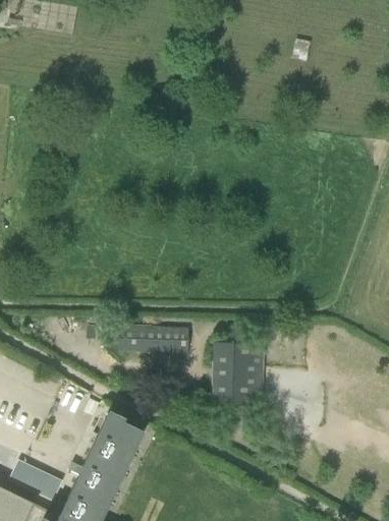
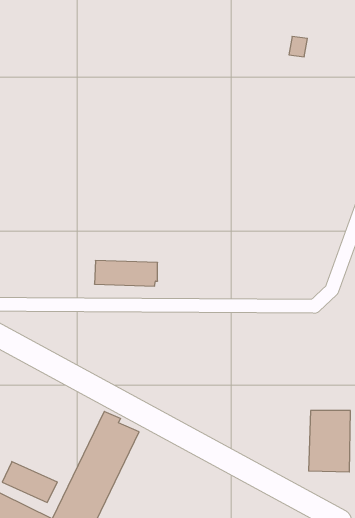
building: [119,327,182,352] -> [94,261,158,286]
building: [212,345,254,406] -> [309,411,350,472]

